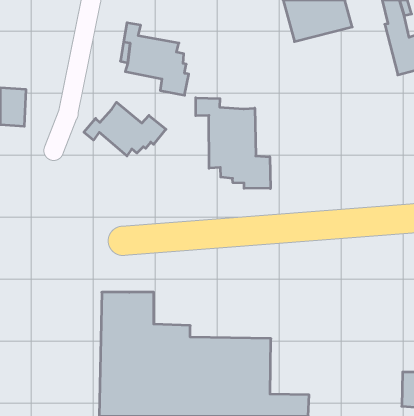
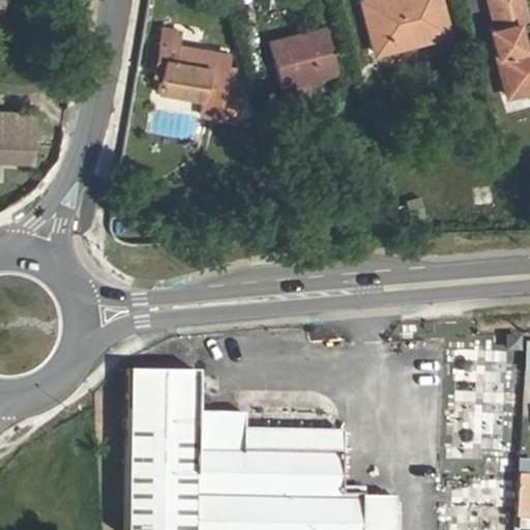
building: none -> [270,27,340,87]
building: [196,98,270,189] -> none
building: [84,102,166,156] -> none

